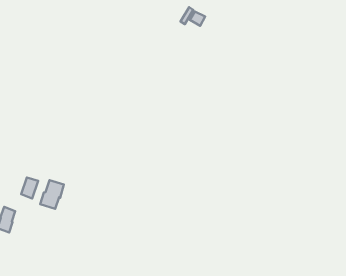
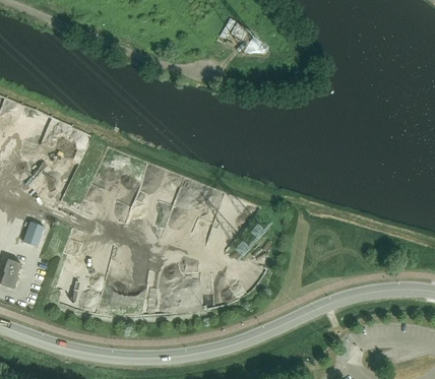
building: [40,180,64,209] -> none

